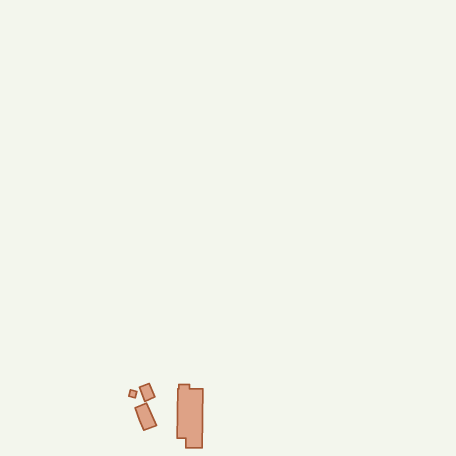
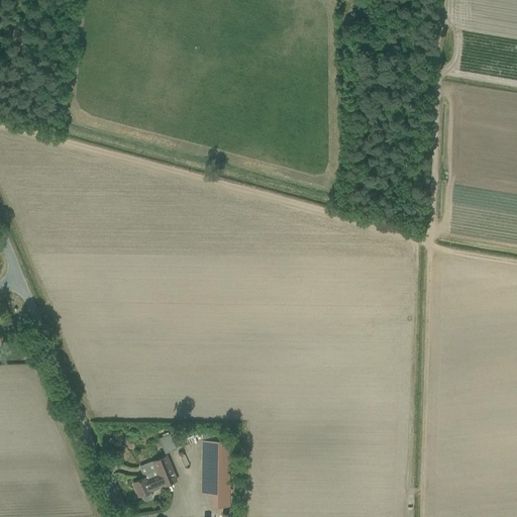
building: none -> [132,461,164,501]

